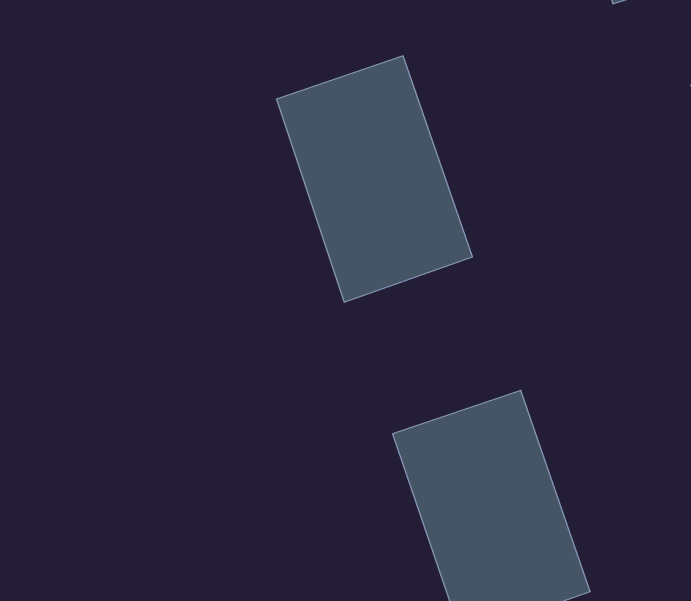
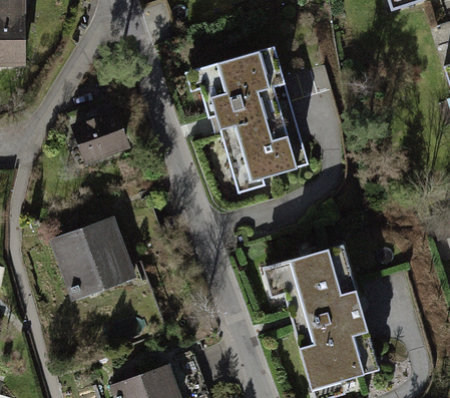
building: none -> [66,111,123,164]
building: none -> [58,214,144,299]

